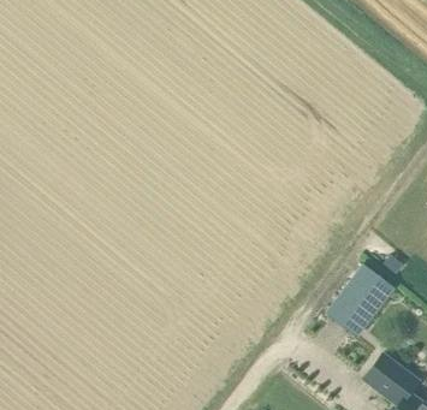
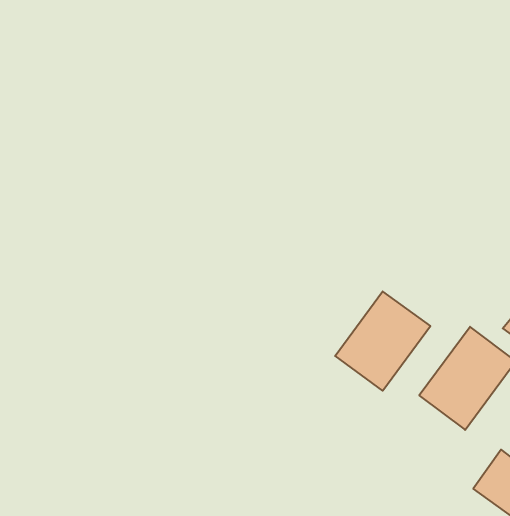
building: none -> [335,291,430,391]

